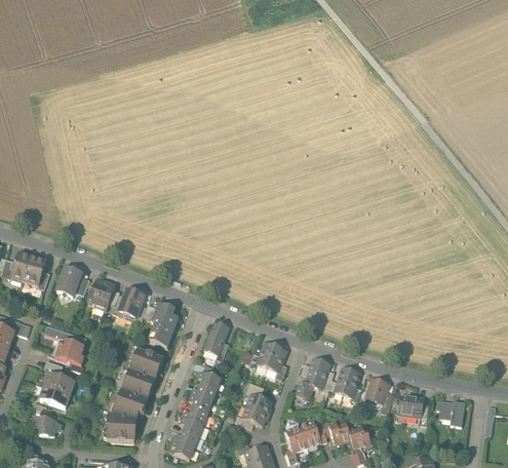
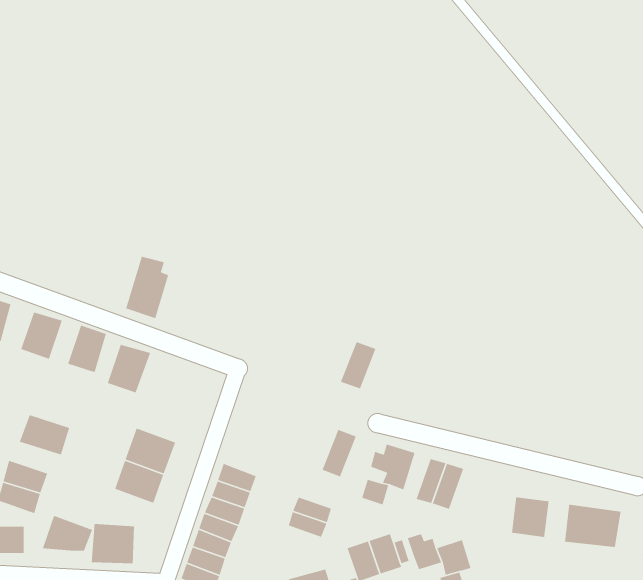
building: [147,304,178,348] -> [125,256,169,319]
building: [201,320,230,358] -> none
building: [251,342,277,376] -> [340,341,377,390]
building: [362,377,393,408] -> none
building: [113,389,149,415] -> [42,515,93,552]

